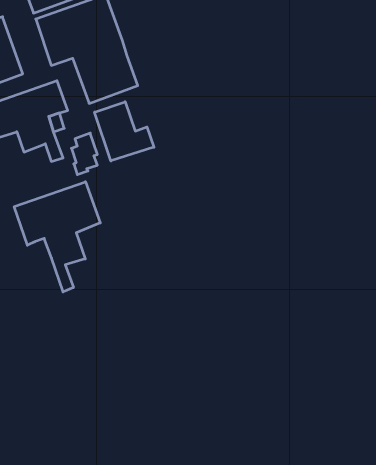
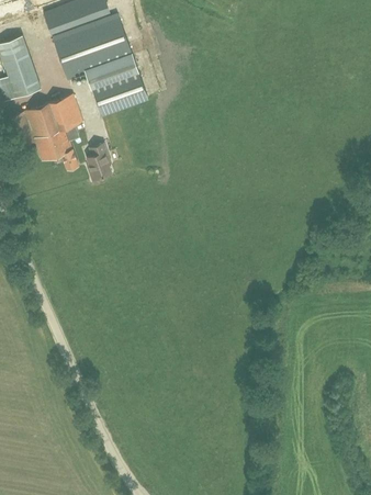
building: [95,102,154,161] -> none
building: [14,182,100,292] -> none

